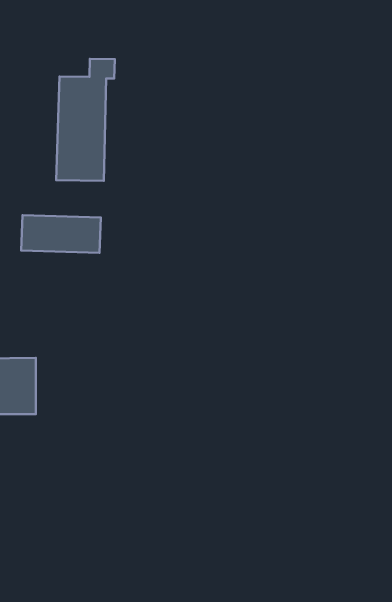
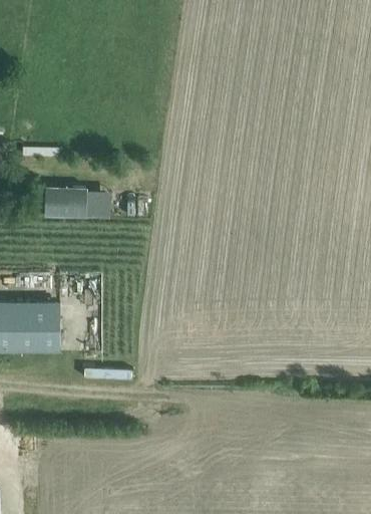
building: [56,59,115,181] -> none

